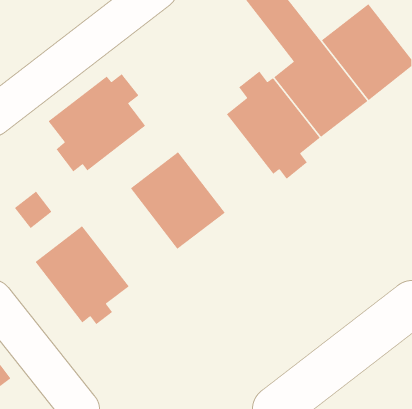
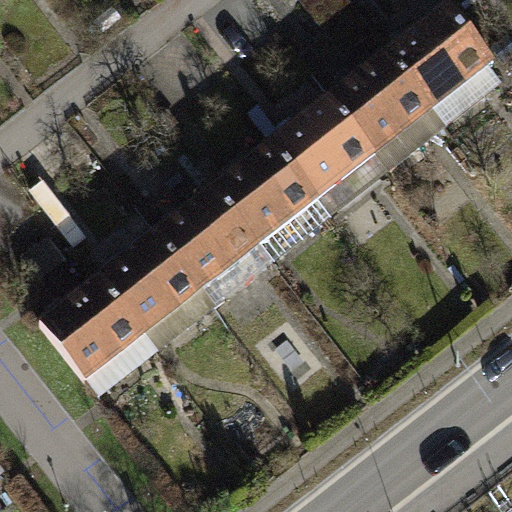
building: [48,73,146,173] -> none
building: none -> [217,139,335,262]
building: none -> [100,229,216,349]

